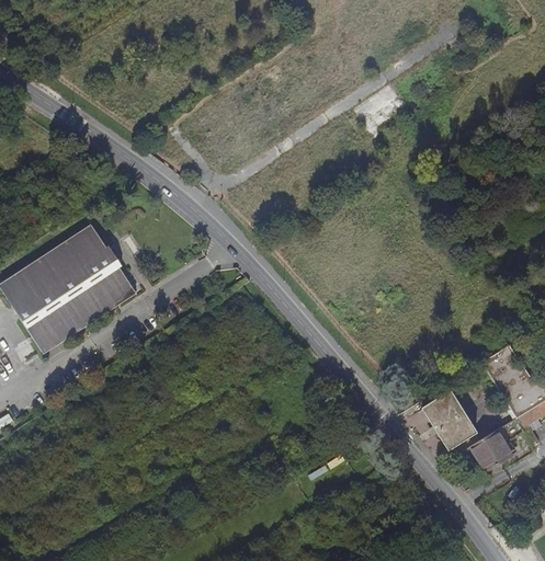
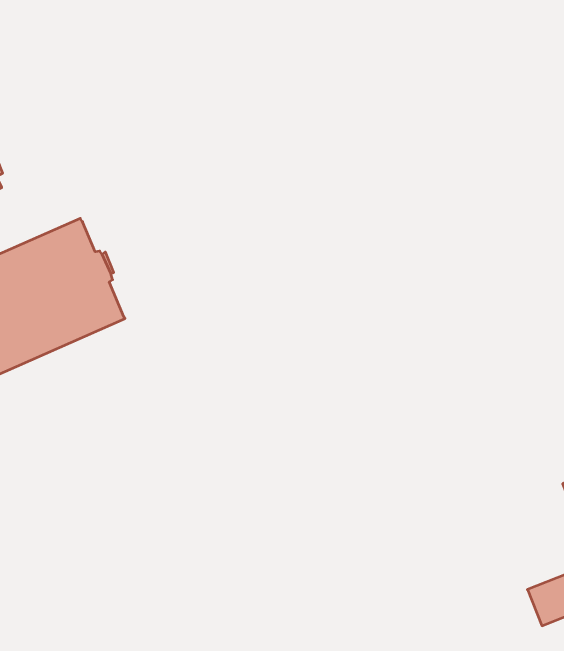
building: [423,389,477,448] -> none

